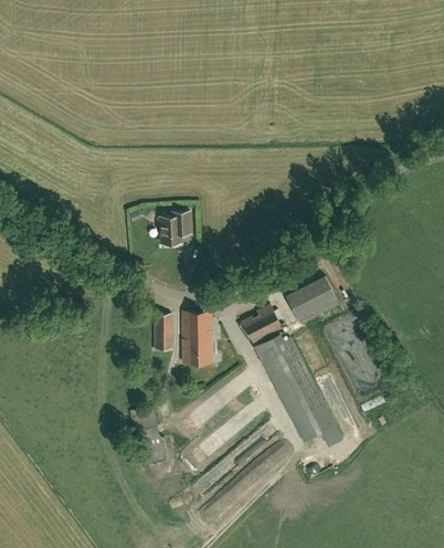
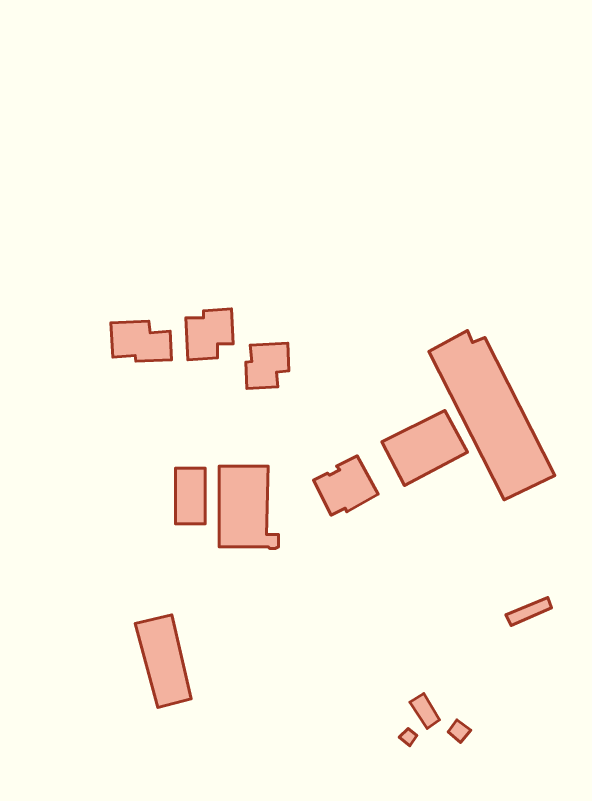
building: none -> [111,321,172,361]
building: none -> [246,343,289,388]
building: [254,334,334,441] -> [429,330,555,500]

